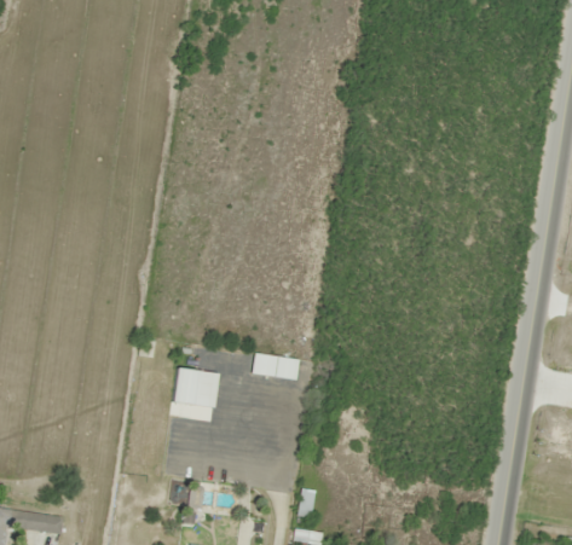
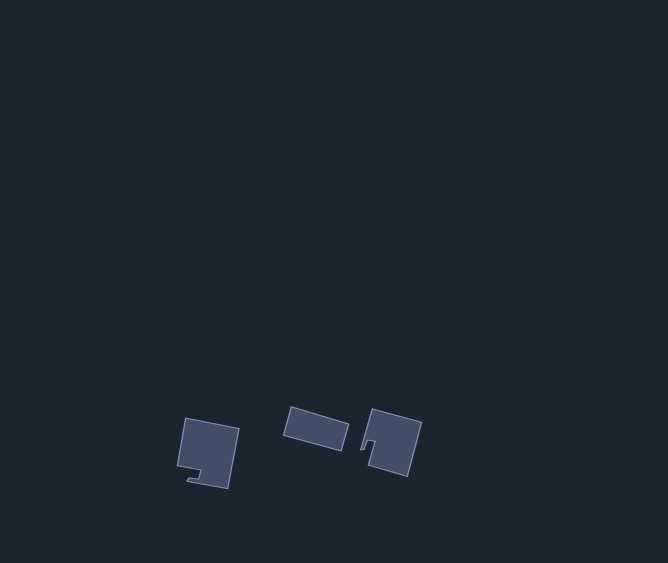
building: none -> [361,409,422,477]

